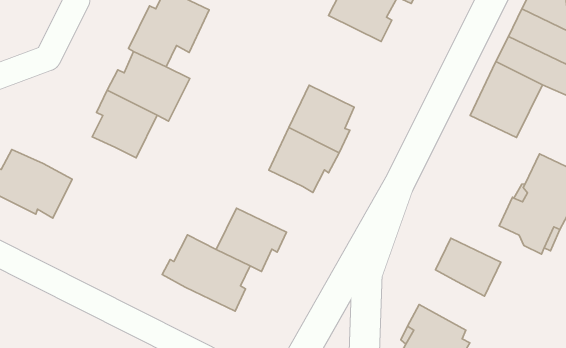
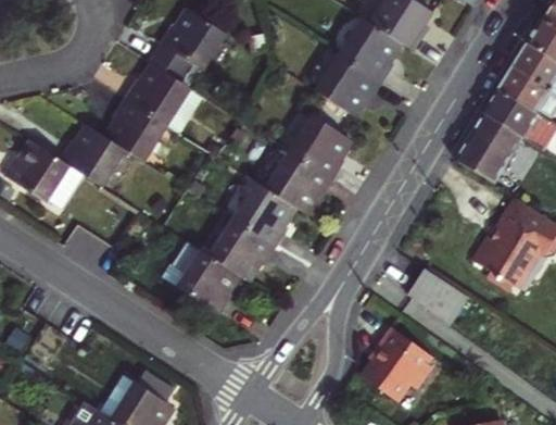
building: none -> [312,51,381,115]
building: none -> [59,125,126,186]
building: none -> [231,180,294,246]

